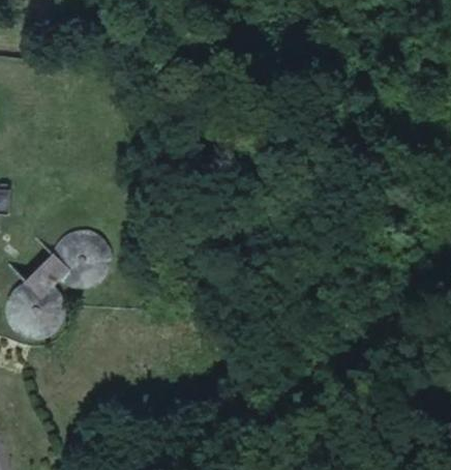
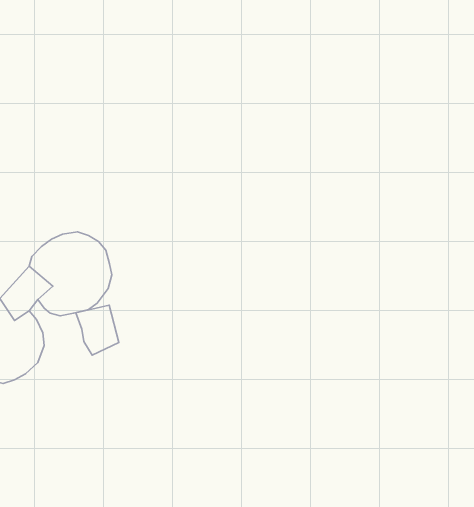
building: none -> [76,305,119,355]

